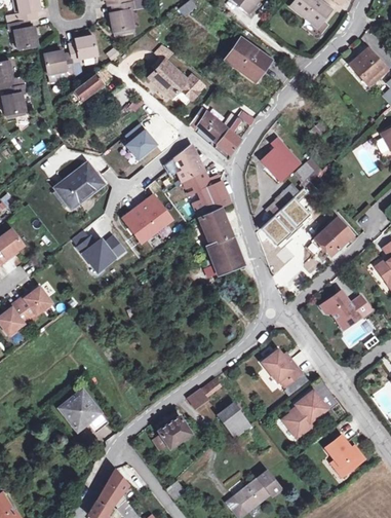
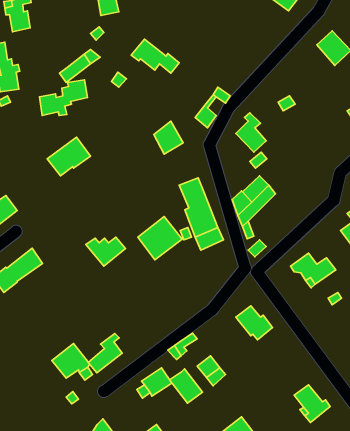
building: [46,36,99,75] -> [39,80,87,116]
building: [227,39,271,78] -> none
building: [192,109,228,143] -> none
building: [123,122,153,157] -> none
building: [184,171,233,217] -> none
building: [122,193,170,240] -> [138,216,182,260]
building: [316,219,350,254] -> none
building: [77,236,120,268] -> [86,237,125,266]
building: none -> [88,333,122,373]
building: [283,390,327,437] -> none
building: none -> [170,369,202,403]

